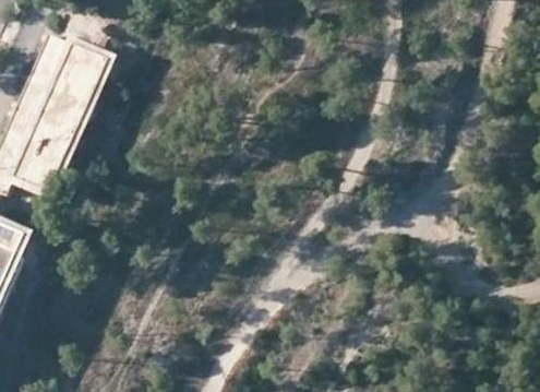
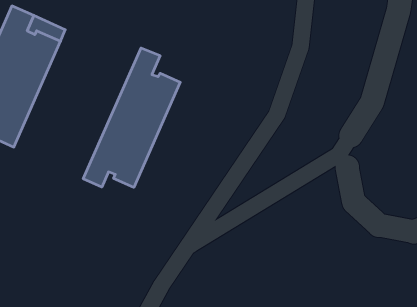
building: none -> [83,48,180,187]

